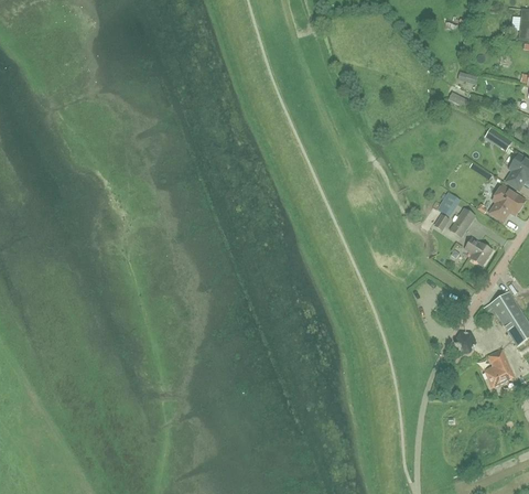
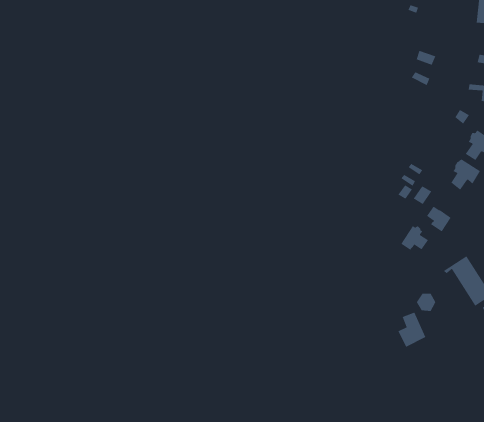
building: none -> [401,225,429,250]
building: [484,350,515,388] -> [398,312,426,347]

